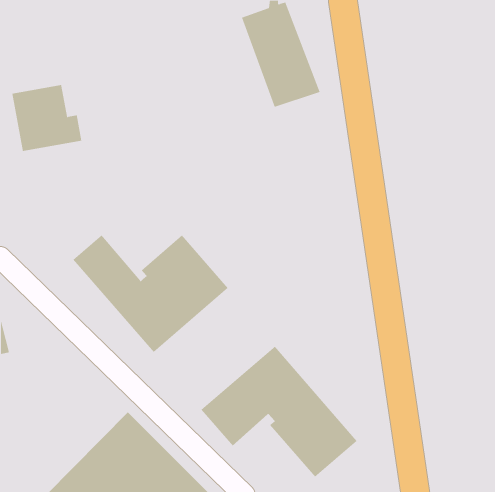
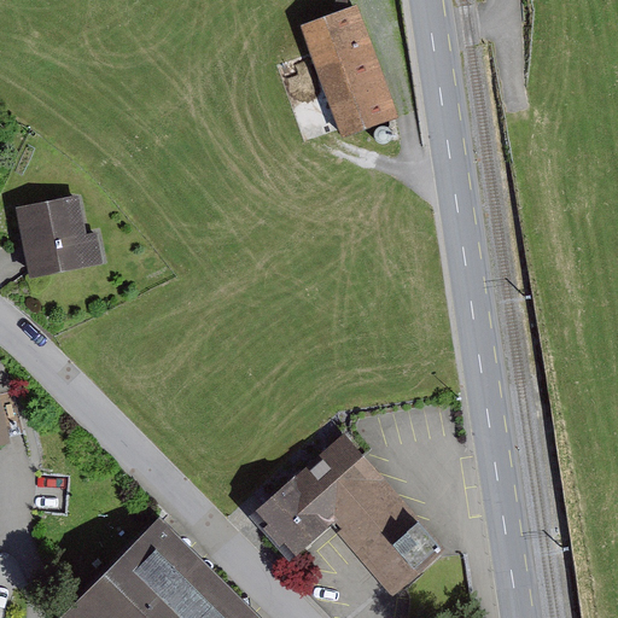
building: [12,85,82,151] -> [16,196,104,279]
building: [73,235,228,353] -> none

